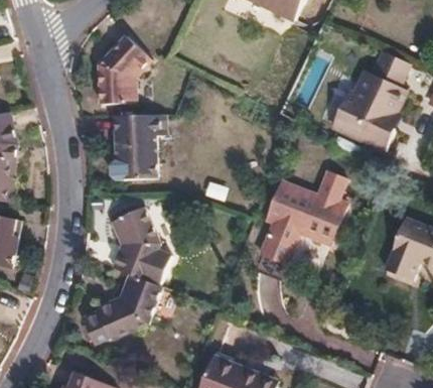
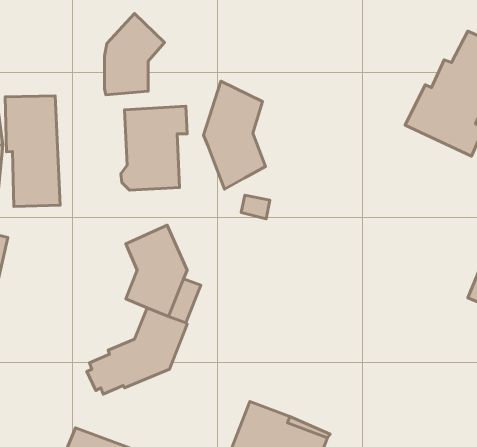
building: none -> [204,81,265,189]
building: none -> [5,96,60,206]
building: [257,171,345,264] -> none

